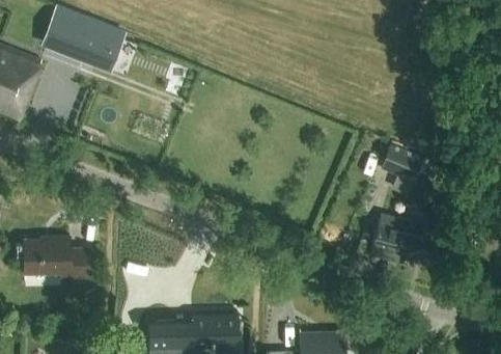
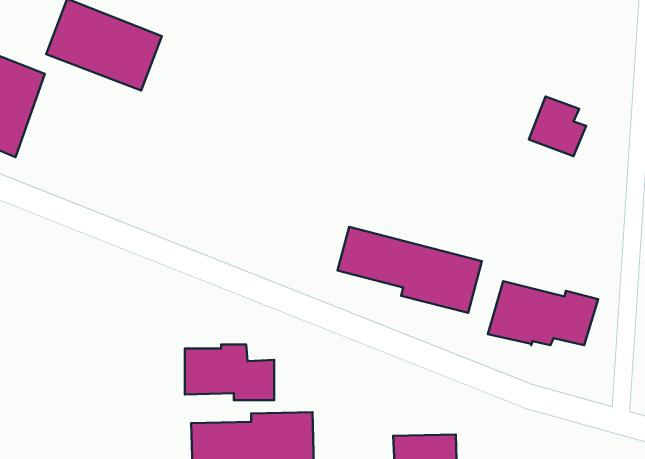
building: [379,138,421,183] -> [529,96,586,156]
building: none -> [337,227,482,313]
building: [23,238,89,279] -> [185,344,274,400]

